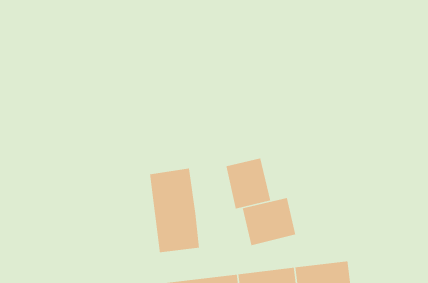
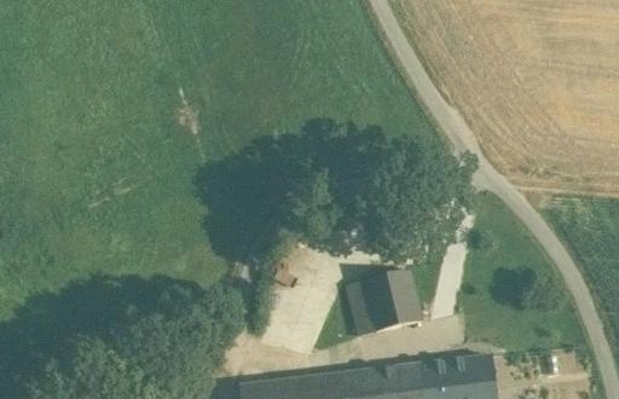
building: [226,158,271,210] -> none
building: [149,168,200,253] -> none

